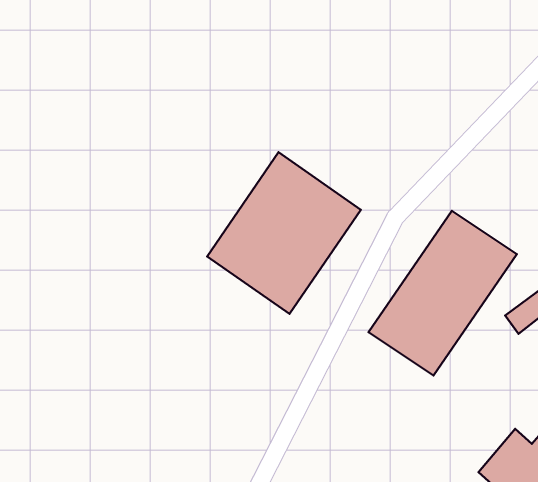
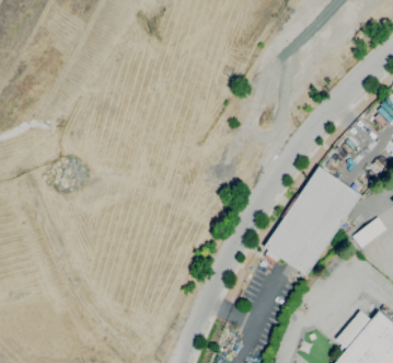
building: [207,152,361,314] -> none

